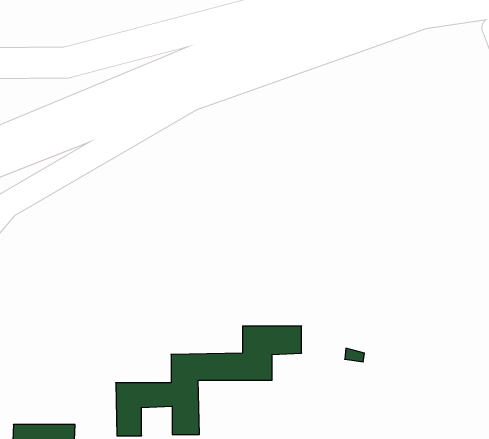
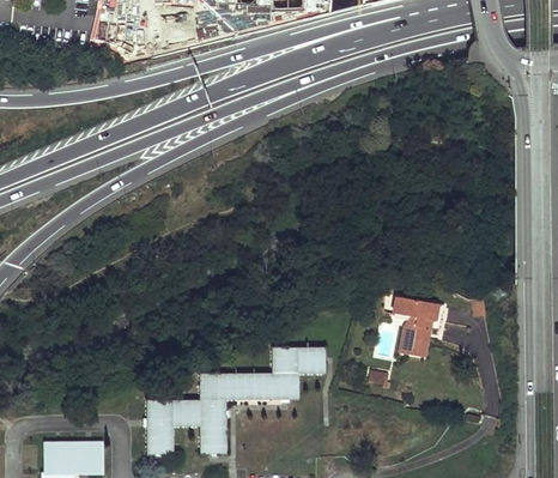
building: none -> [394,295,438,356]

